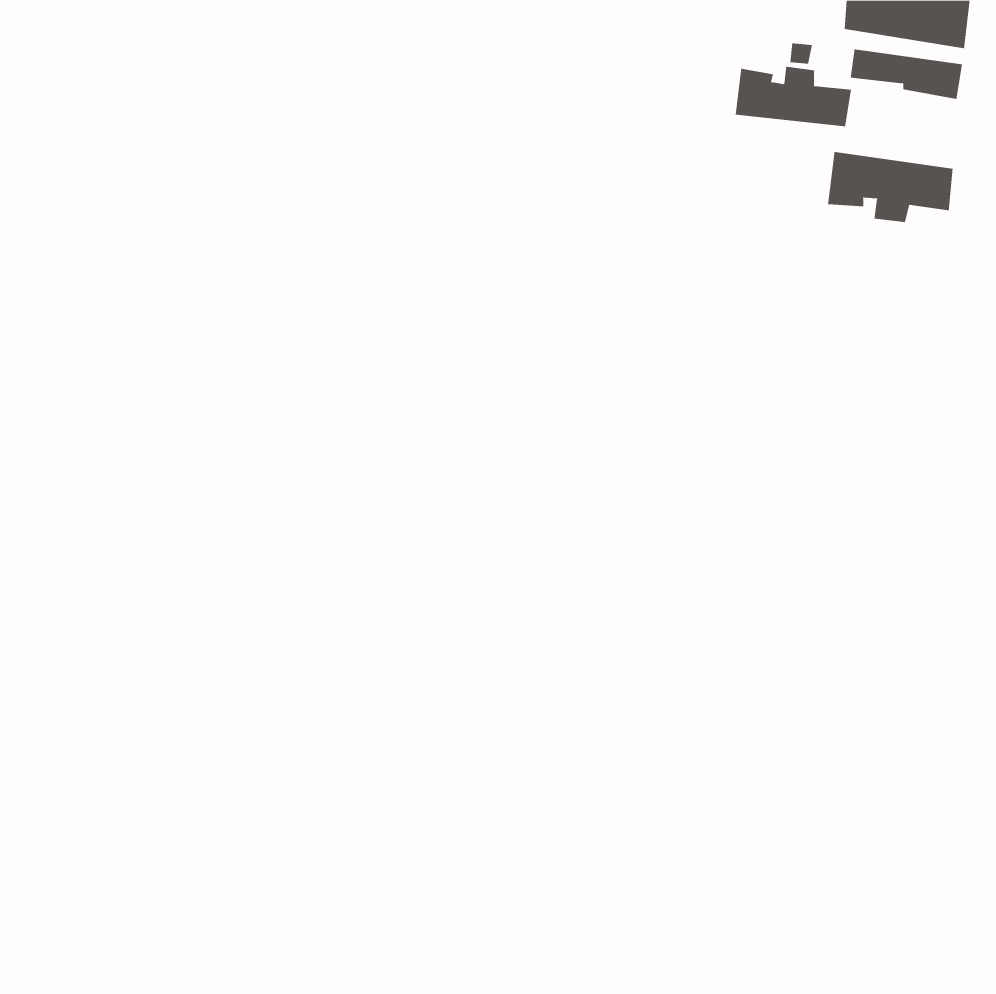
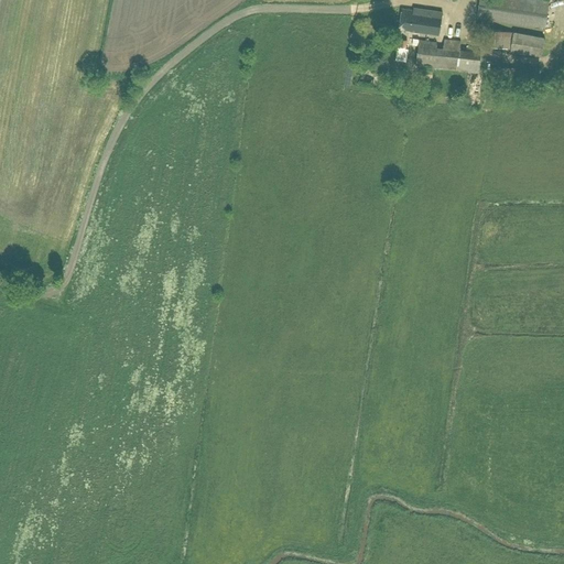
building: none -> [400,8,442,35]
building: [828,151,953,223] -> none

